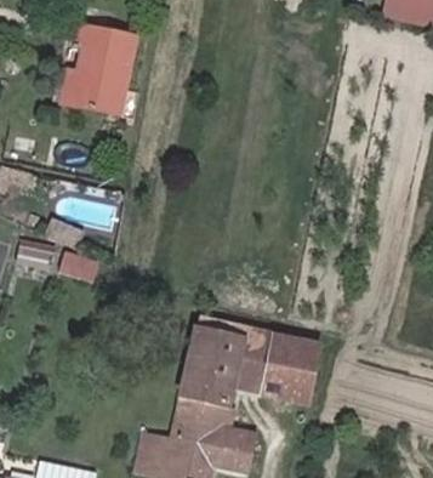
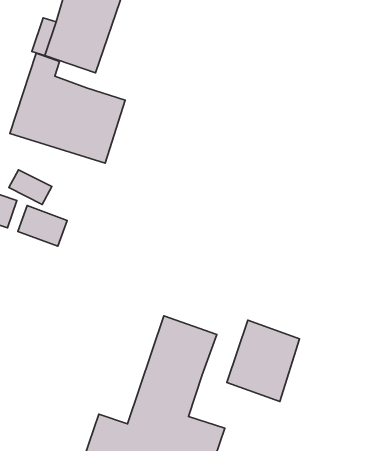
building: none -> [10,53,125,163]
building: [194,312,270,389] -> none

